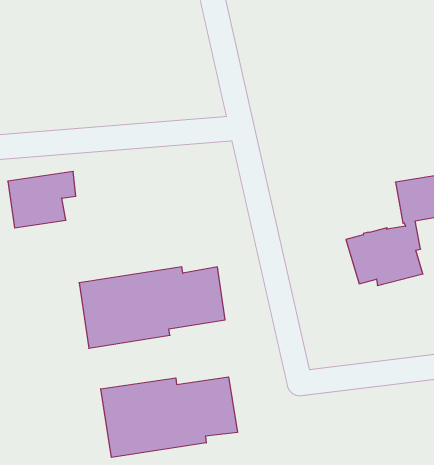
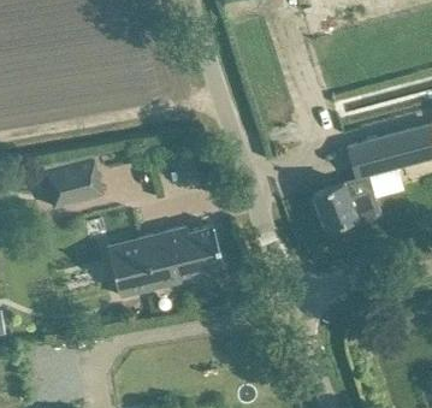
building: [101,377,237,457] -> none

